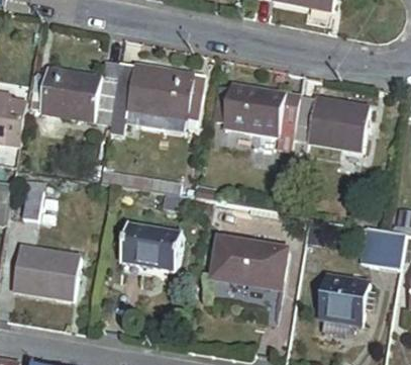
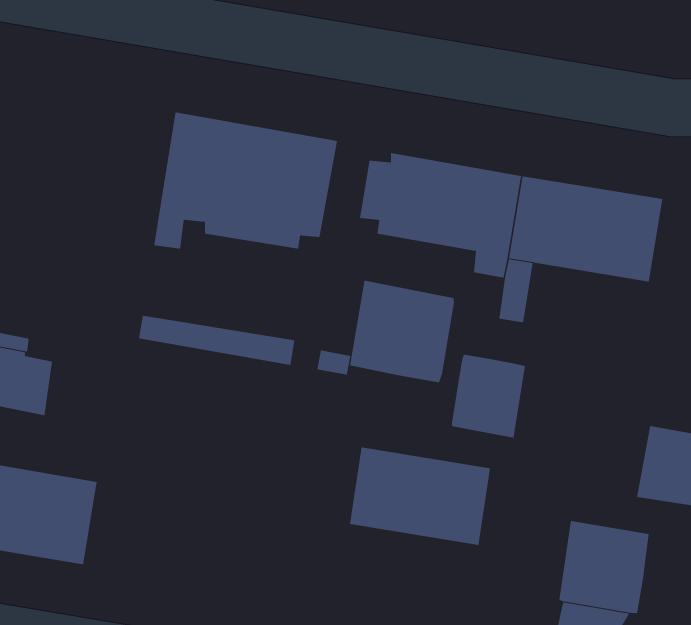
building: [34,61,119,125] -> none
building: none -> [350,280,455,383]
building: none -> [452,354,526,438]
building: [119,224,180,271] -> none

